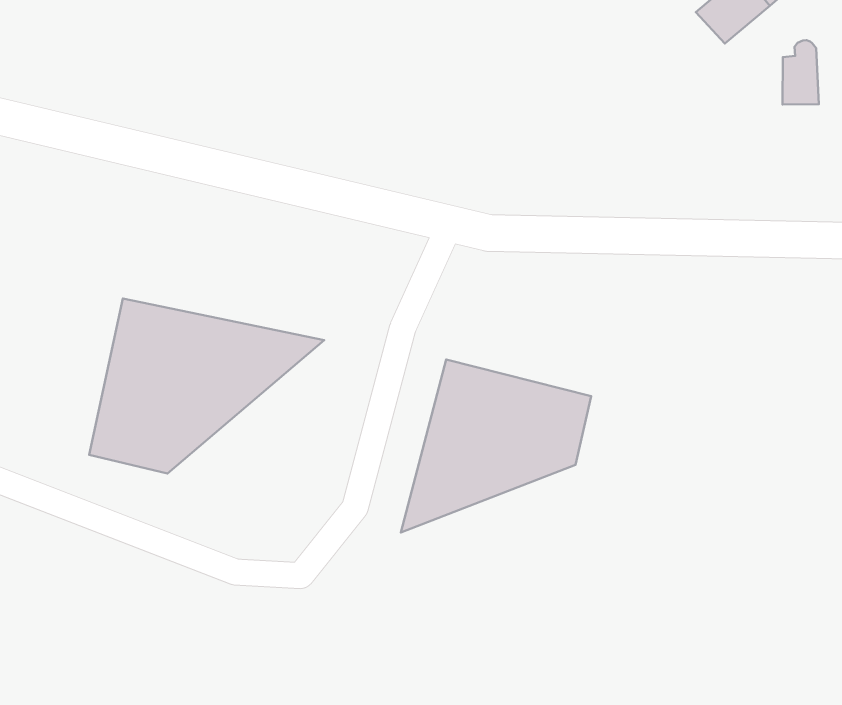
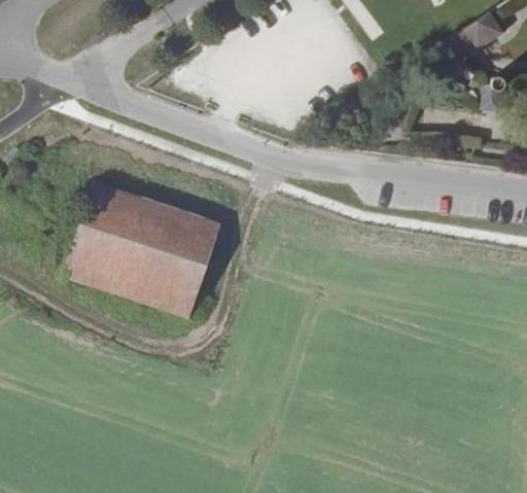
building: none -> [115,220,221,311]
building: [401,360,591,533] -> none

